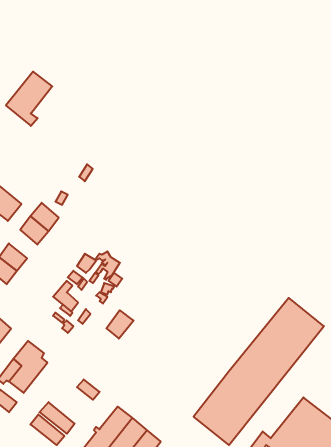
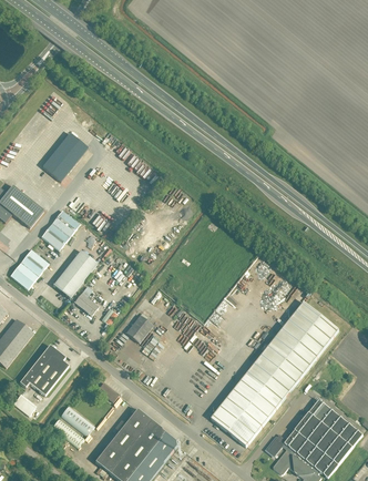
building: [6,72,52,126] -> [42,133,88,186]
building: none -> [52,250,96,298]

